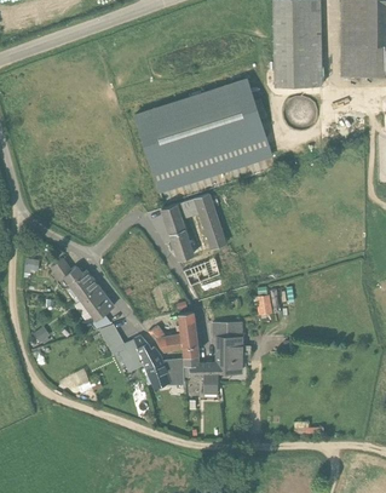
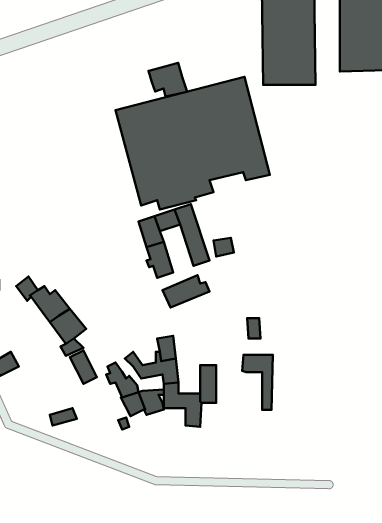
building: none -> [148,63,187,97]
building: [213,322,241,372] -> [242,355,273,410]

